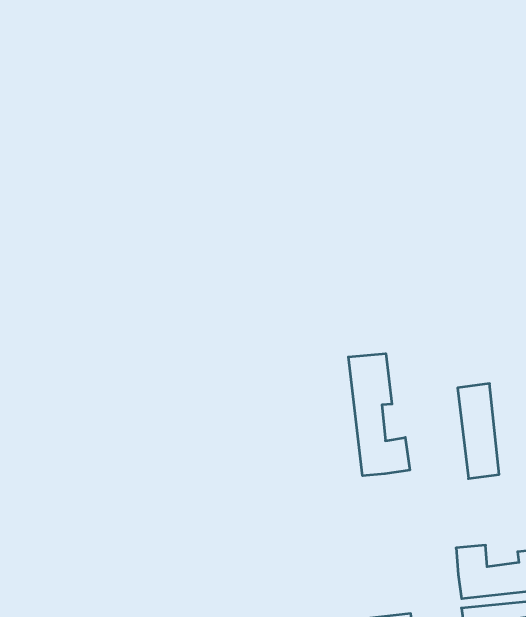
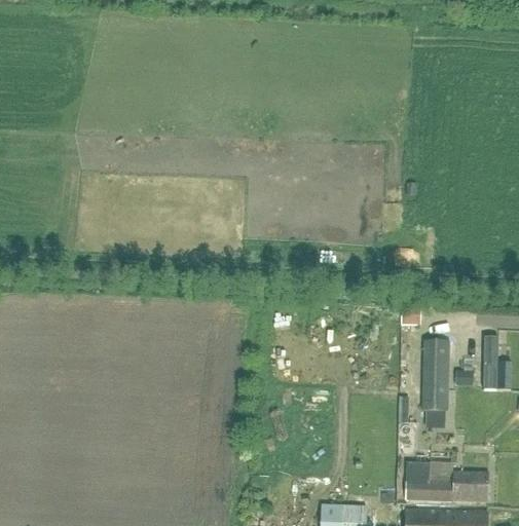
building: [348,354,410,476] -> none

